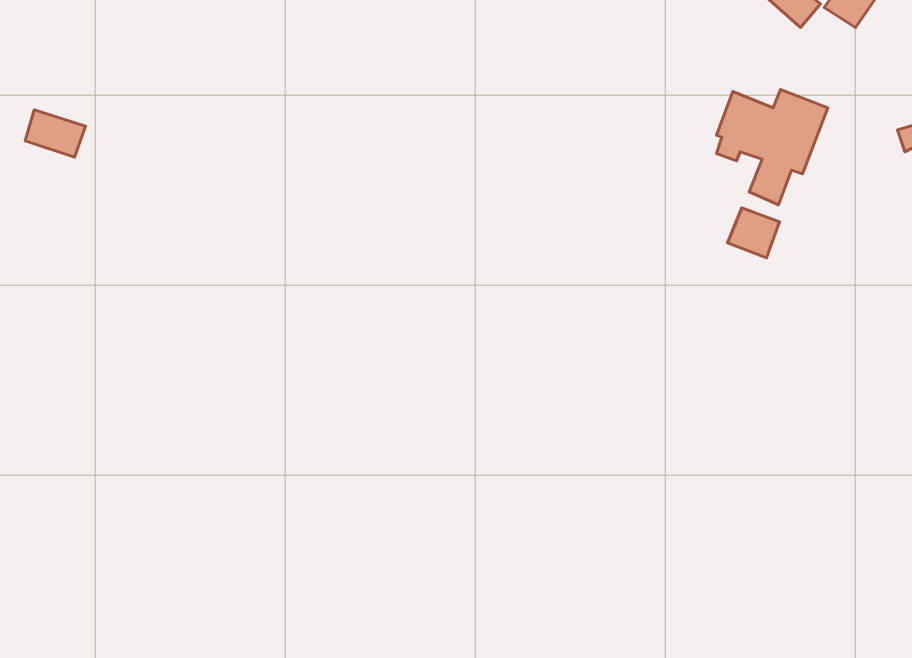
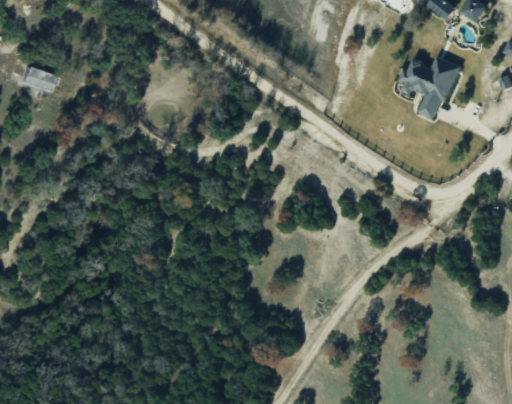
building: [728,208,780,258] -> none

